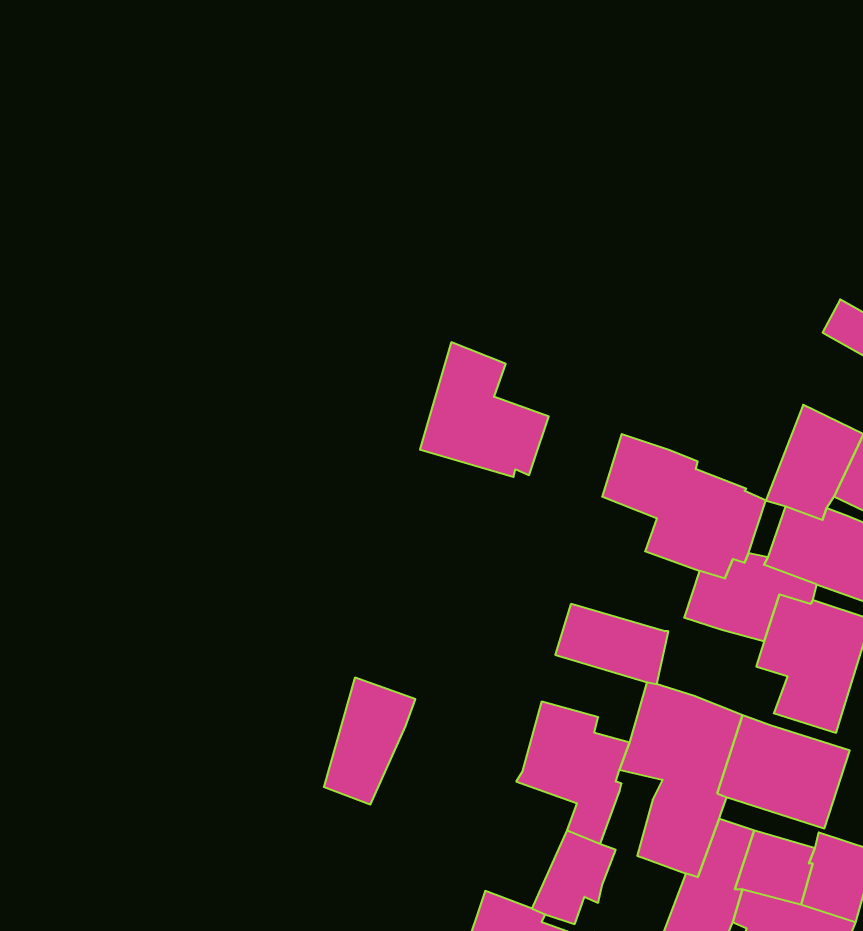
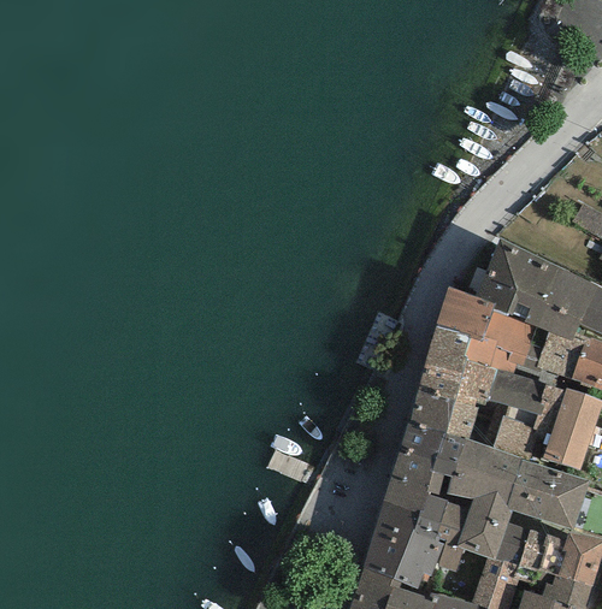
building: [420,342,549,477] -> [417,325,496,408]
building: none -> [477,242,560,327]
building: none -> [492,407,550,466]
building: none -> [399,422,464,477]
building: [324,678,415,804] -> [364,501,420,579]
building: none -> [435,493,473,573]

